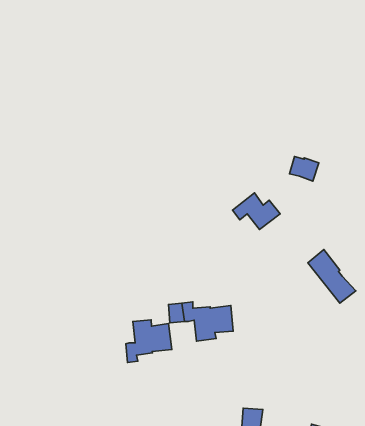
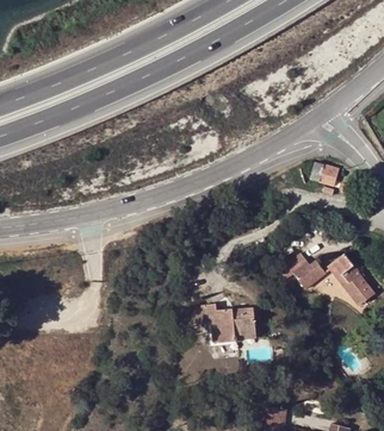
building: [233,193,280,230] -> [279,254,326,289]
building: [126,320,172,362] -> none

